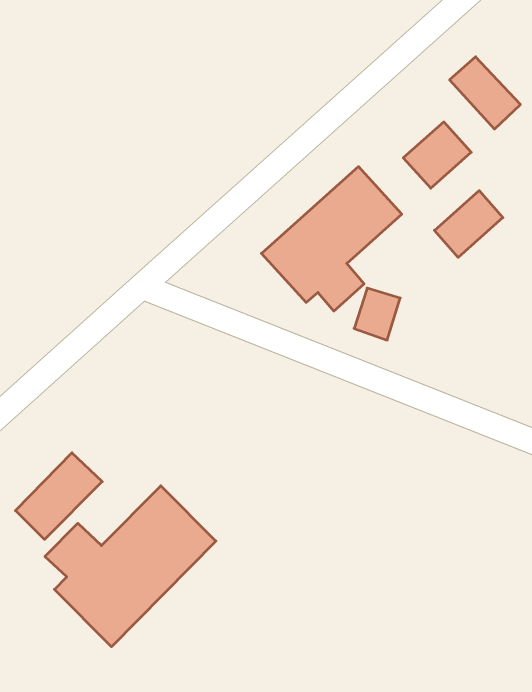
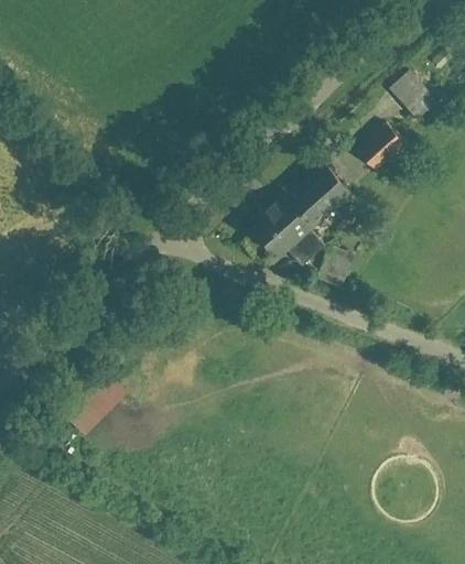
building: [434,191,503,257] -> none
building: [45,486,216,647] -> none

